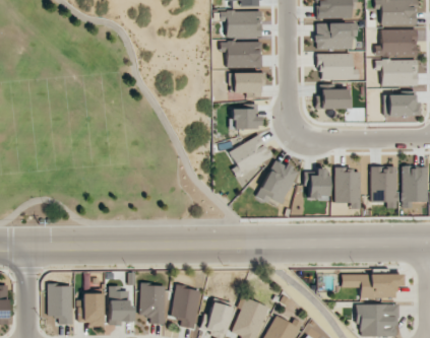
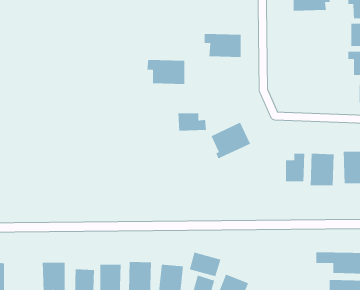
building: [221,10,262,38] -> [146,59,185,85]
building: [317,22,358,49] -> none
building: [320,53,360,80] -> none
building: [234,72,261,97] -> none
building: [321,88,352,109] -> none
building: [231,109,262,129] -> [177,112,207,131]
building: [257,159,300,203] -> none
building: none -> [189,251,221,277]

